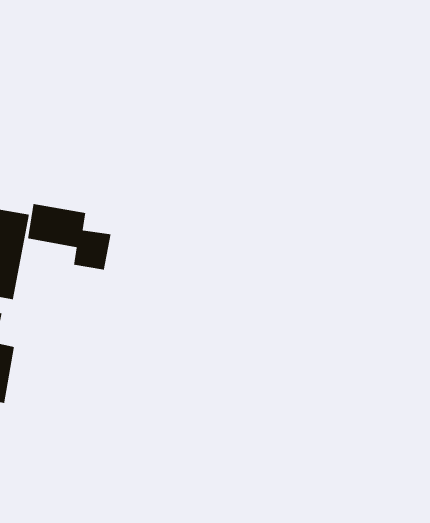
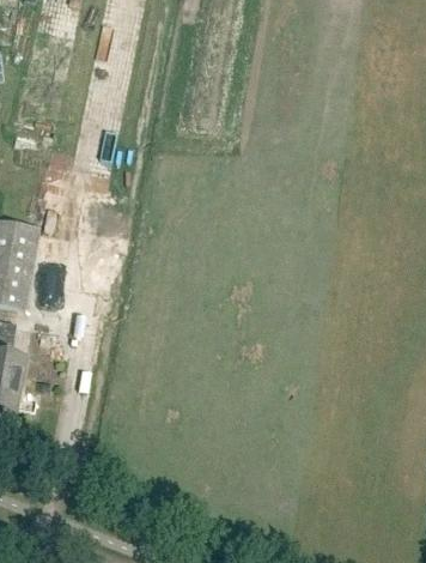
building: [27,203,112,270] -> none

